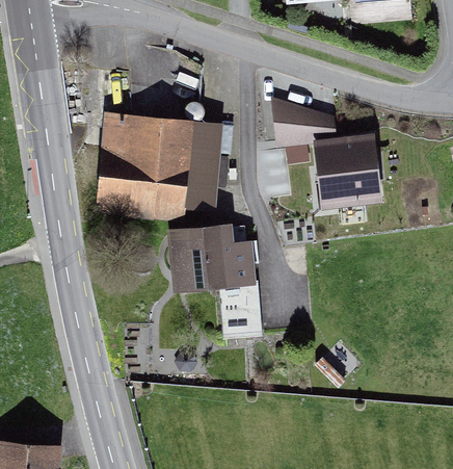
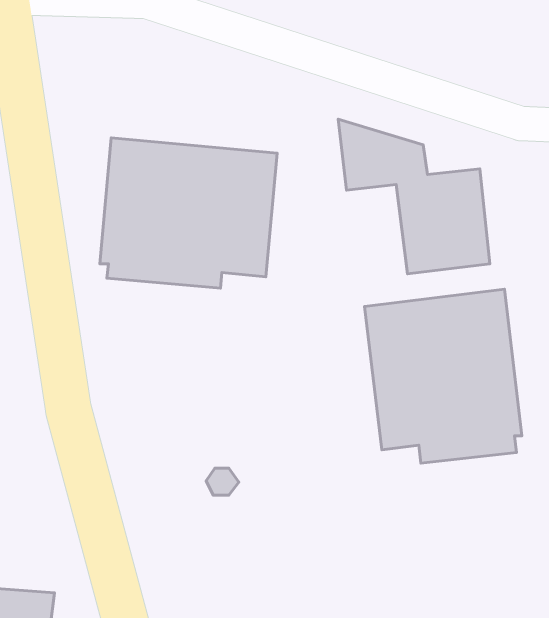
building: none -> [365,289,522,463]
building: [165,223,262,340] -> none

